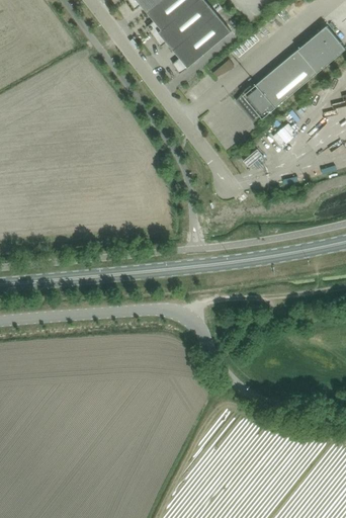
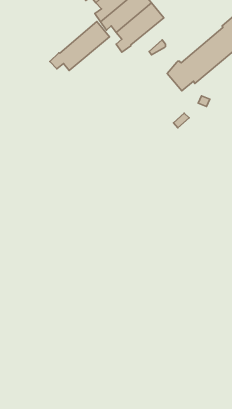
building: none -> [50,22,109,70]

